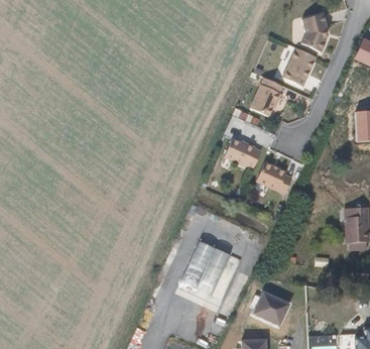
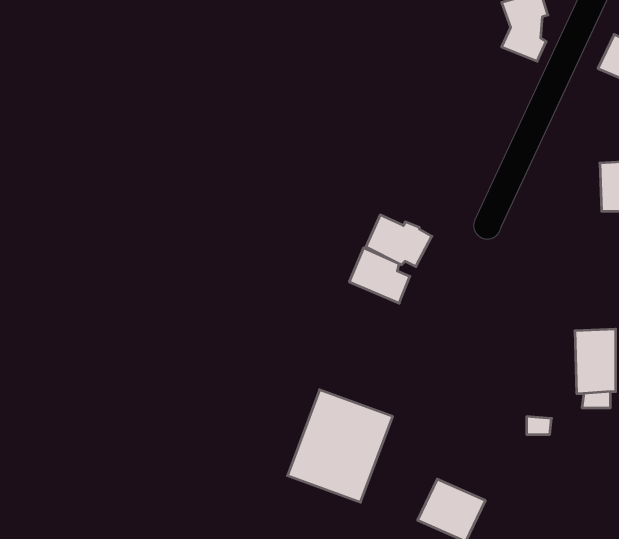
building: [283,49,317,86] -> none
building: [250,78,282,118] -> none
building: [258,163,292,195] -> [349,248,410,303]

